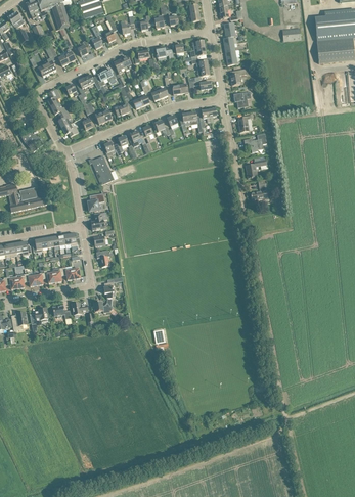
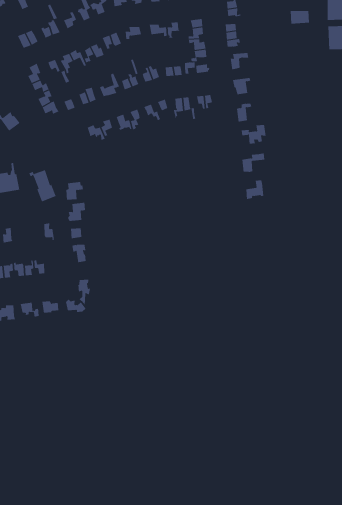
building: [87,155,114,185] -> [28,170,57,202]

